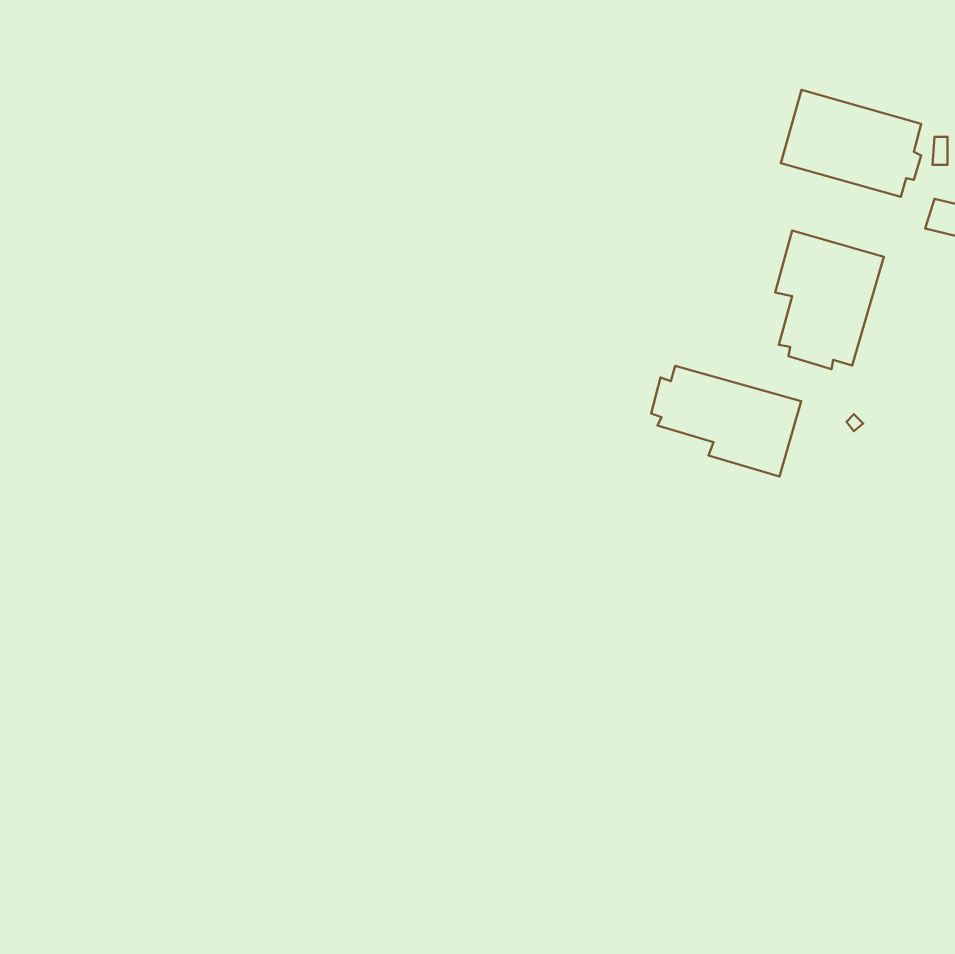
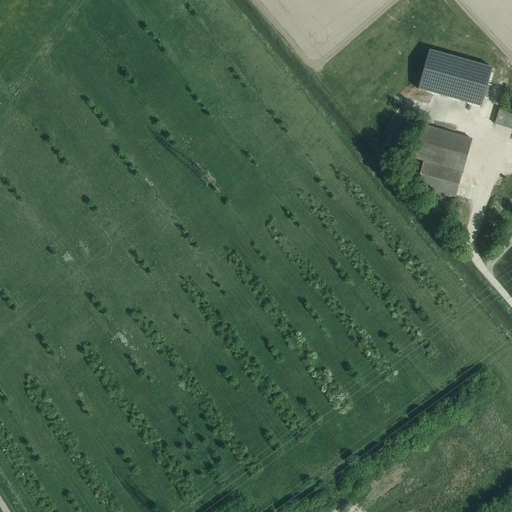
building: [651,366,801,476] -> none

